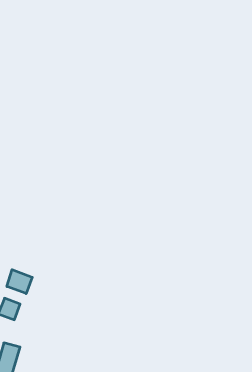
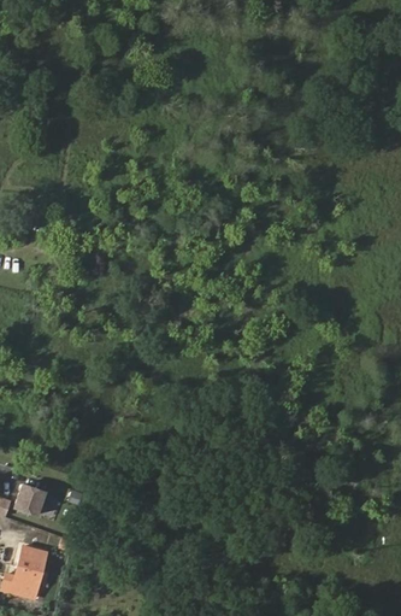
building: [7,270,32,294] -> none

